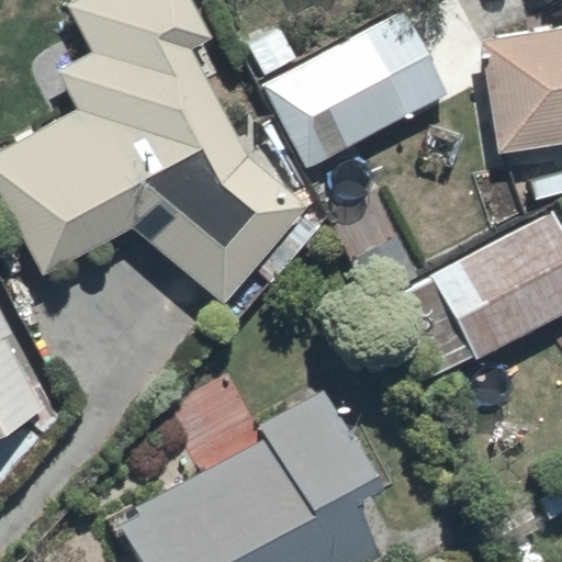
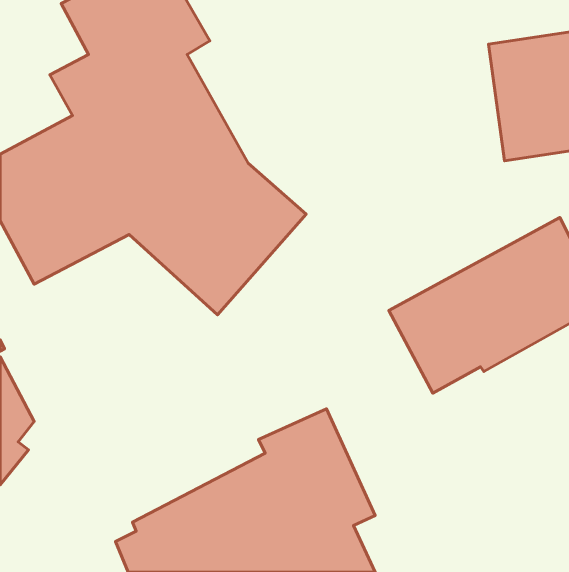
building: [266,10,446,167] -> none

